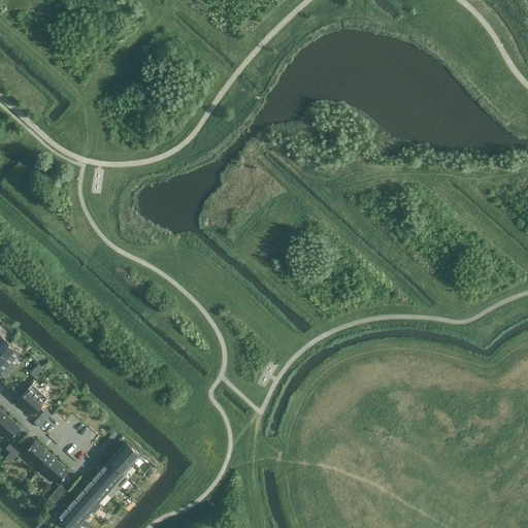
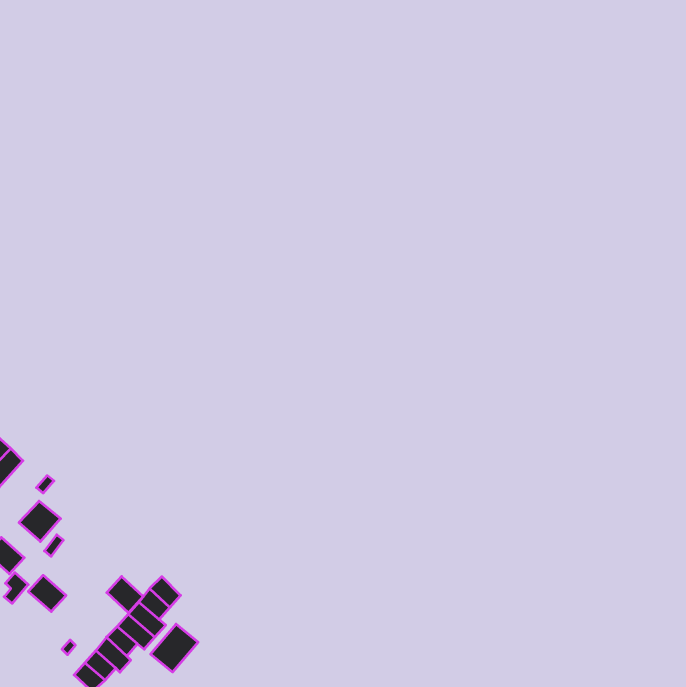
building: [39,457,67,485] -> [107,576,143,613]
building: none -> [151,624,198,672]

